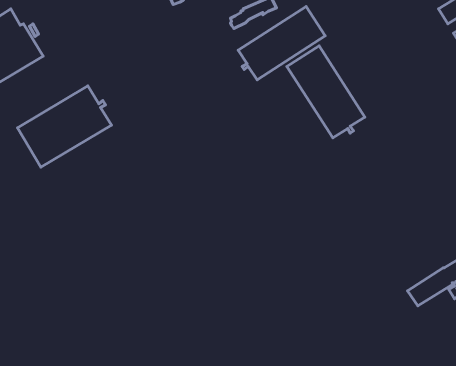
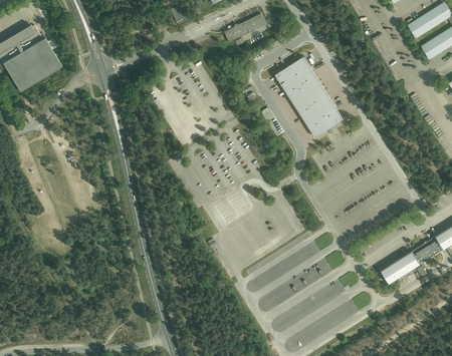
building: [238,6,325,80] -> none
building: [17,86,111,167] -> none

